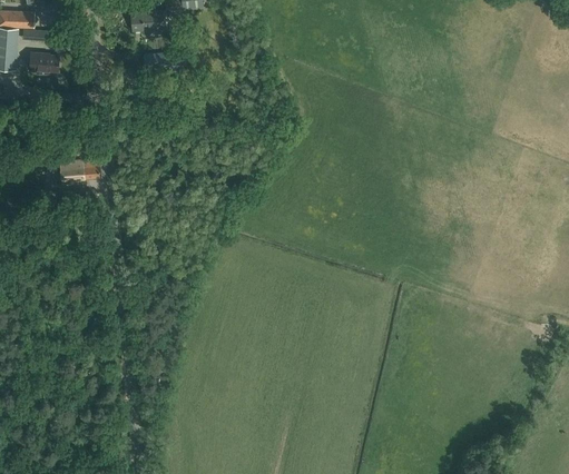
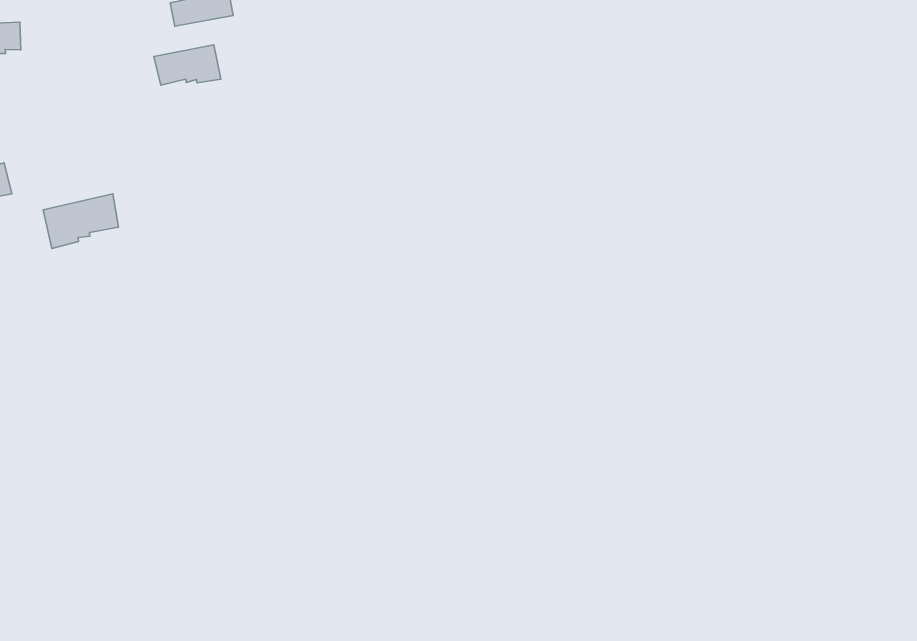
building: none -> [154,45,221,85]

